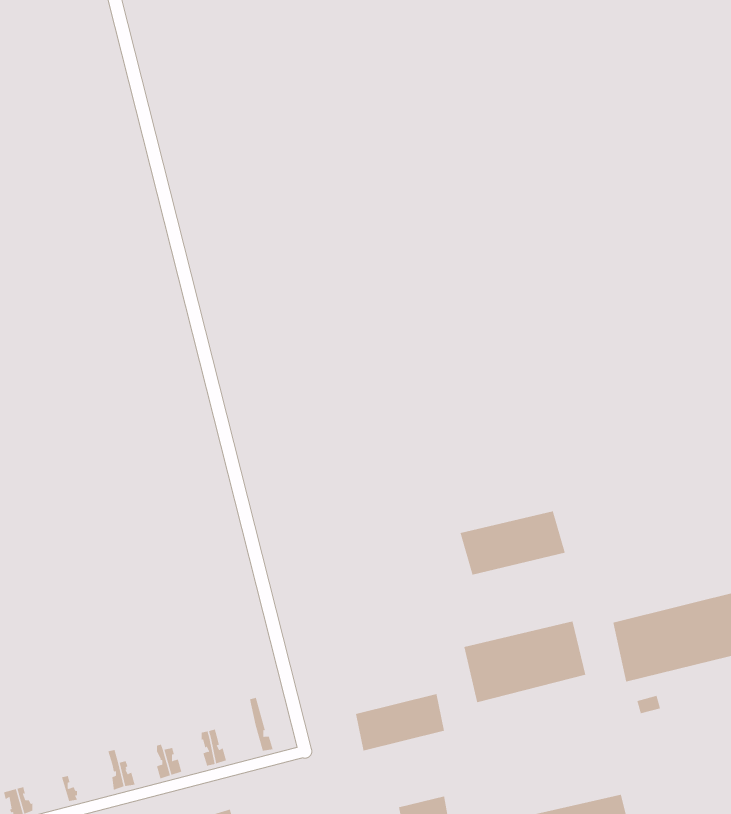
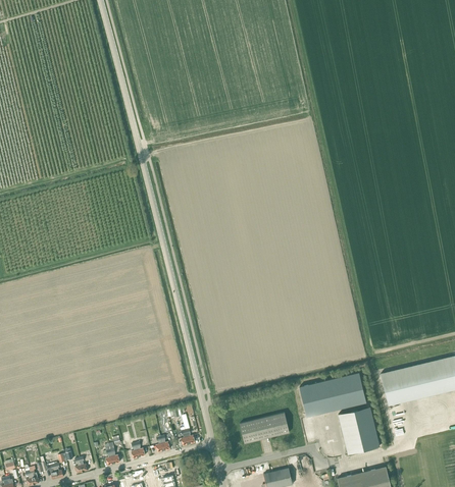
building: [460,510,565,575] -> none
building: none -> [338,408,380,454]

